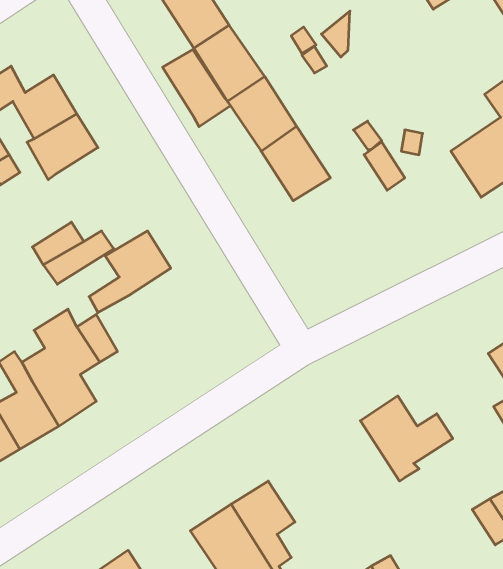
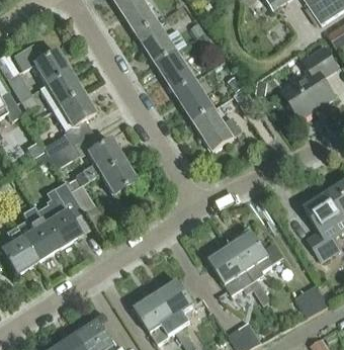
building: [163,50,230,127] -> none
building: none -> [58,90,94,125]
building: none -> [193,107,241,150]
building: none -> [100,159,136,194]
building: none -> [209,246,271,304]

